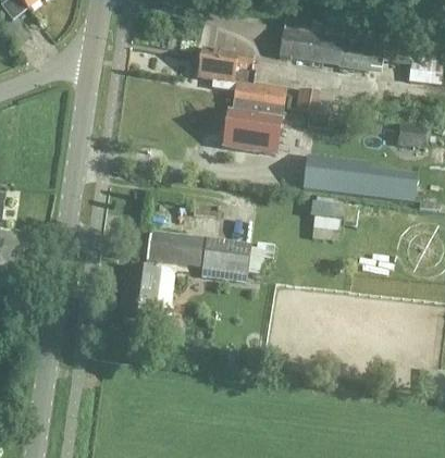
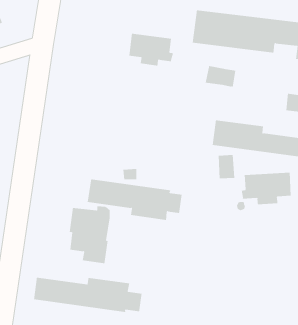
building: [222,79,285,159] -> none
building: none -> [241,172,291,205]
building: none -> [34,277,142,313]

